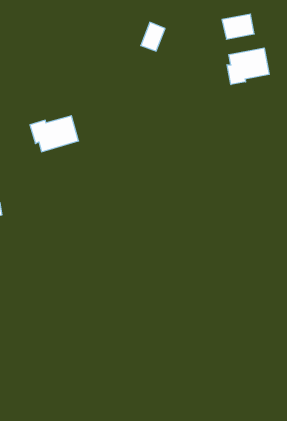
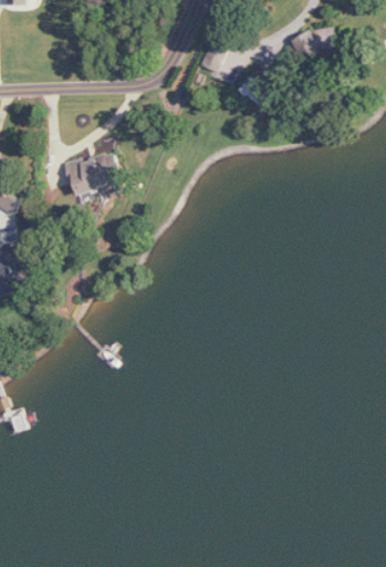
building: [227,48,269,85] -> none

